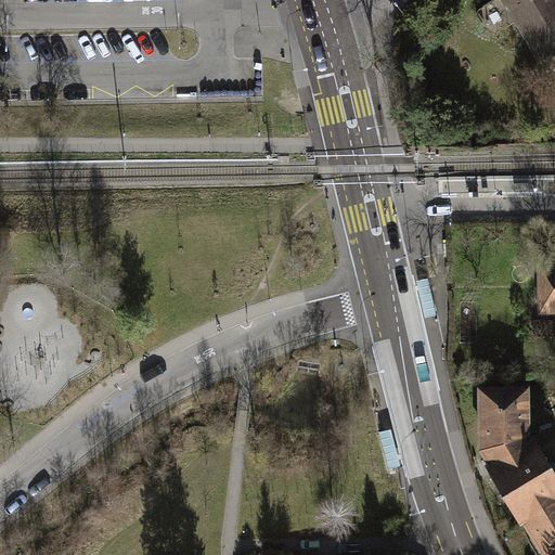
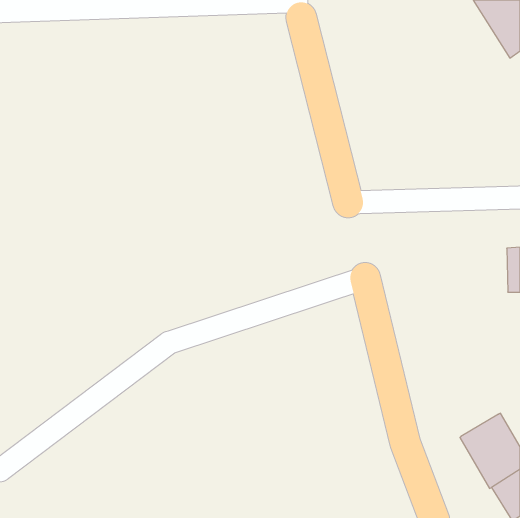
building: [481,391,531,467] -> none

